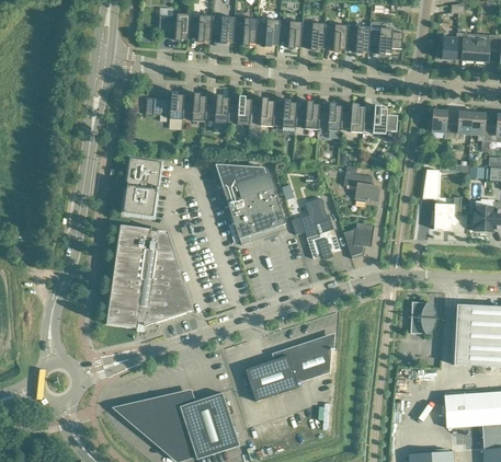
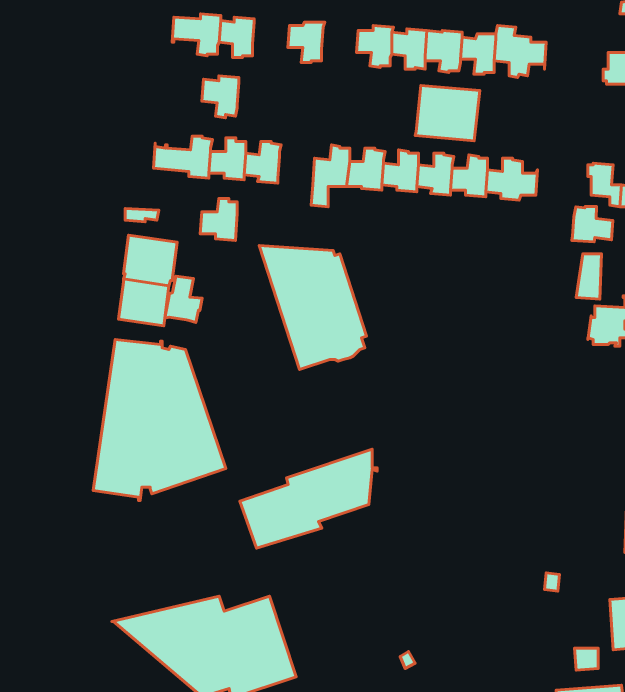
building: [210,15,235,43] -> [202,76,239,118]
building: [255,19,280,45] -> none
building: none -> [415,85,480,141]
building: [227,96,251,124] -> [200,199,237,240]
building: none -> [572,206,613,242]
building: [343,165,379,201] -> none
building: none -> [165,276,202,322]
building: [291,197,340,258] -> none
building: [343,222,374,257] -> none
building: [410,301,435,334] -> none
building: [244,335,334,400] -> [240,449,377,548]

